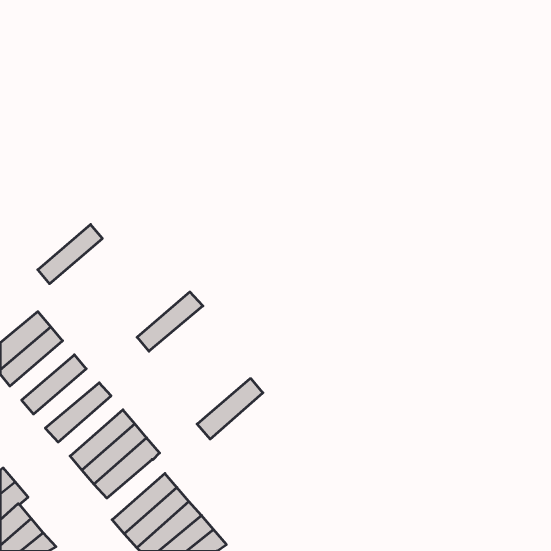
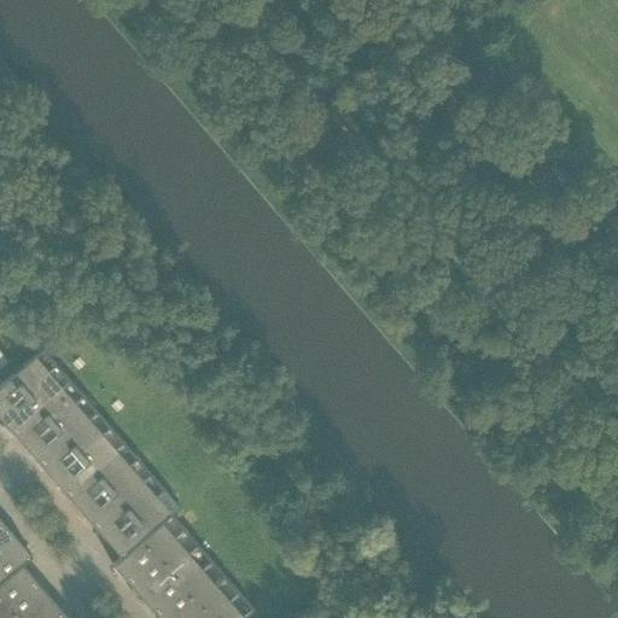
building: [38,224,102,284] -> [11,381,83,448]
building: [137,292,203,351] -> [37,413,111,479]
building: [197,379,263,439] -> [111,514,185,582]
building: none -> [65,443,138,511]

